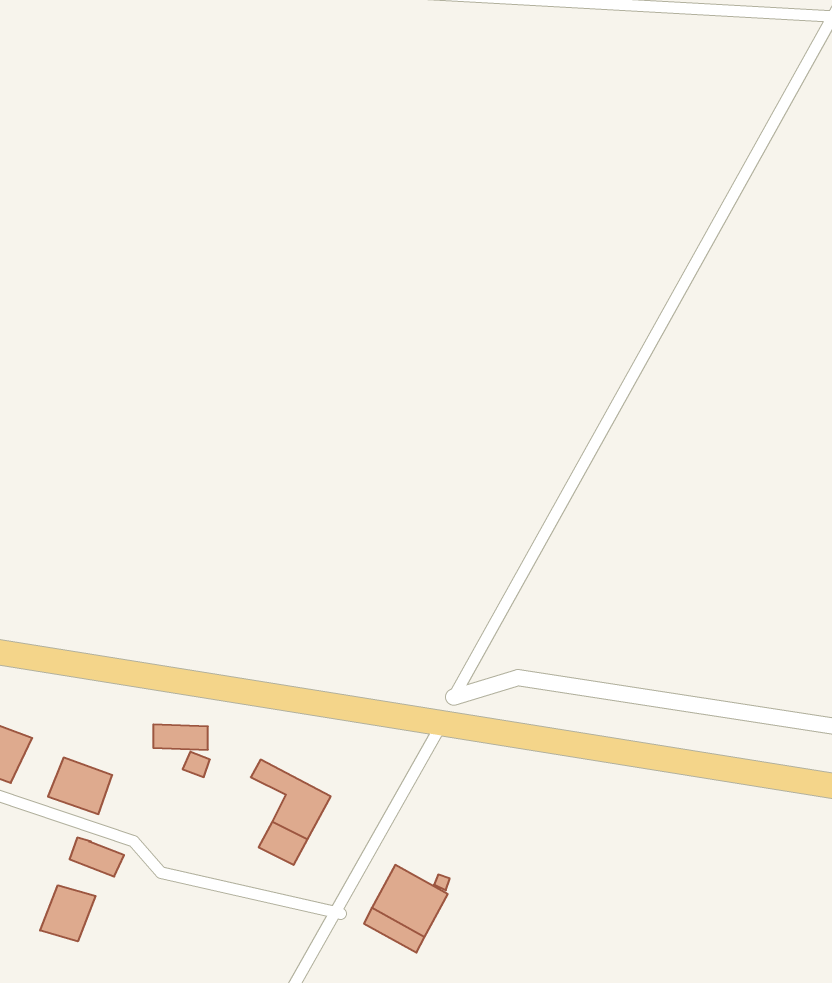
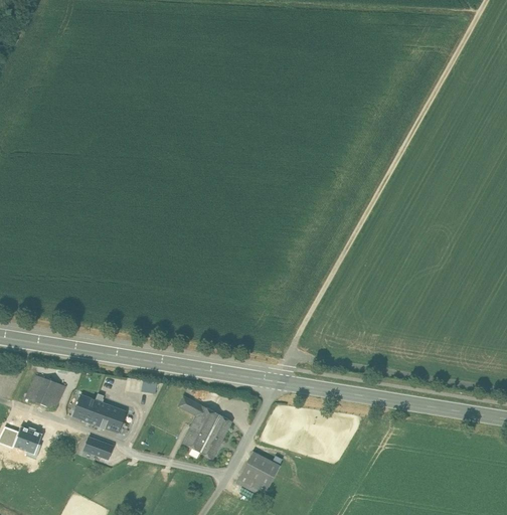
building: none -> [100,405,125,433]
building: none -> [200,416,230,459]
building: [40,885,96,941] -> none

